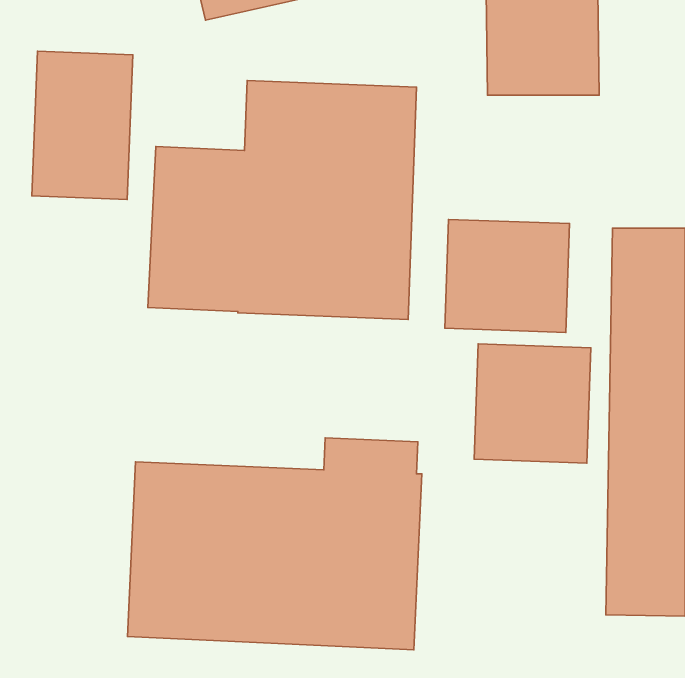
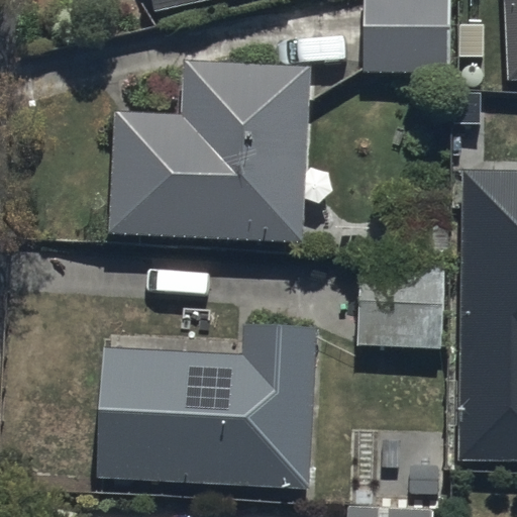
building: [32,51,133,199] -> none
building: [445,219,569,332] -> none

